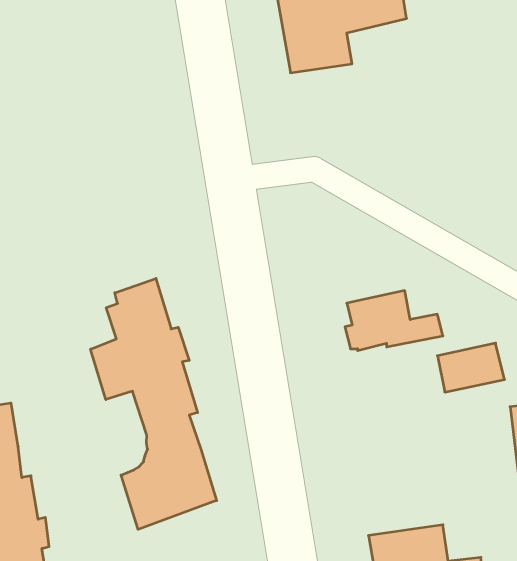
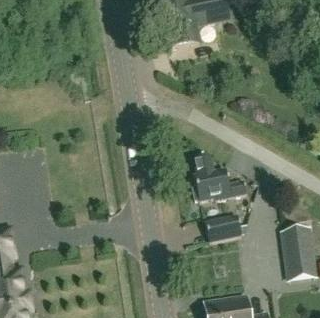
building: [91,278,217,529] -> none
building: [437,343,505,392] -> [204,215,241,242]

